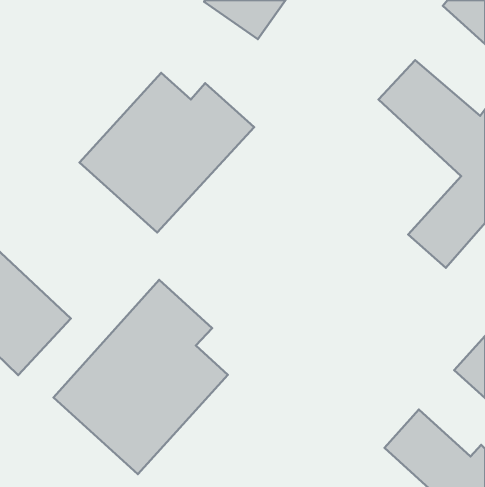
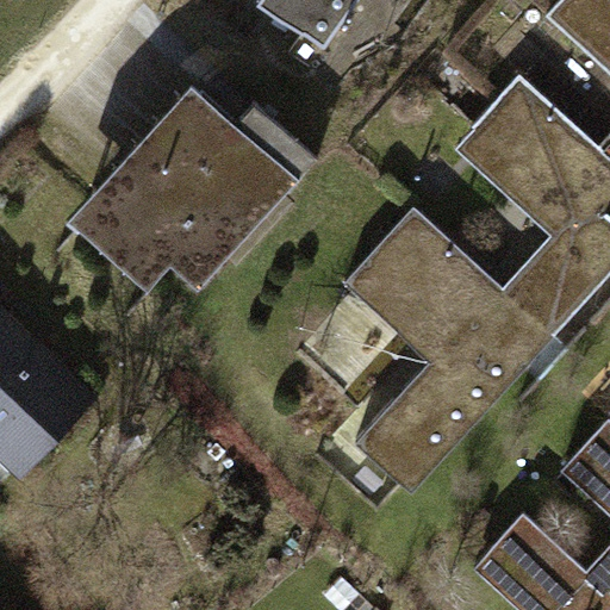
building: none -> [343,208,554,493]
building: [54,280,228,474] -> none

